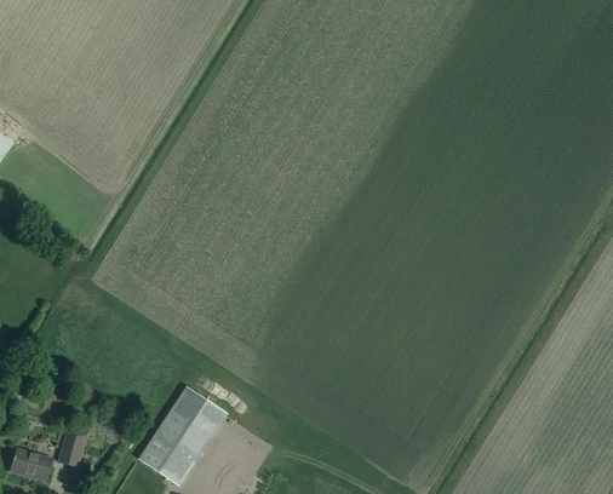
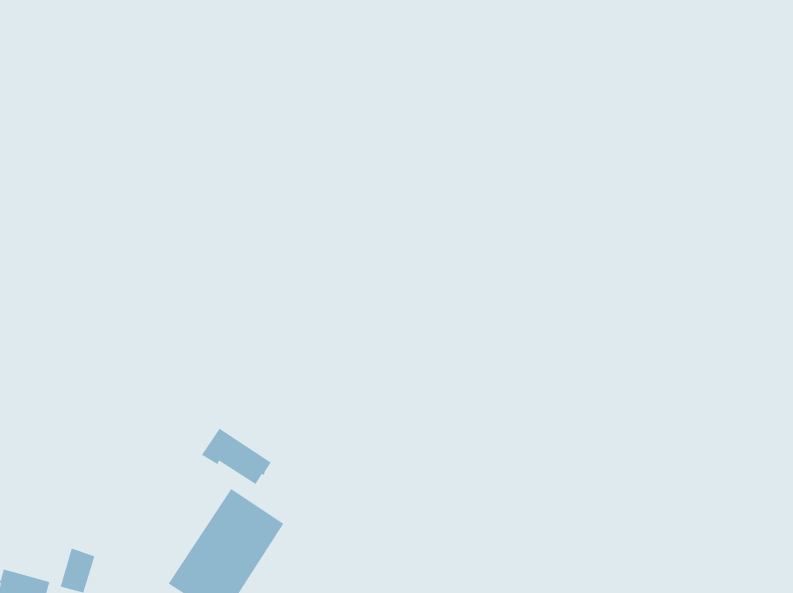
building: none -> [201,428,272,485]

